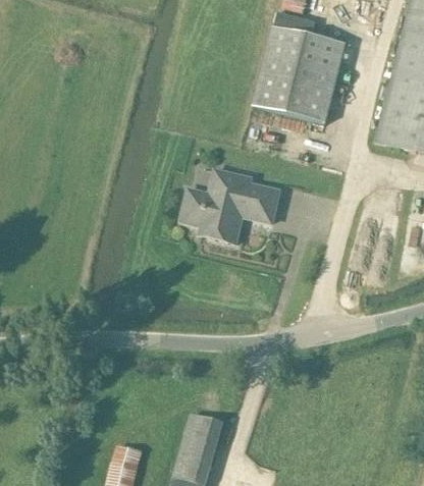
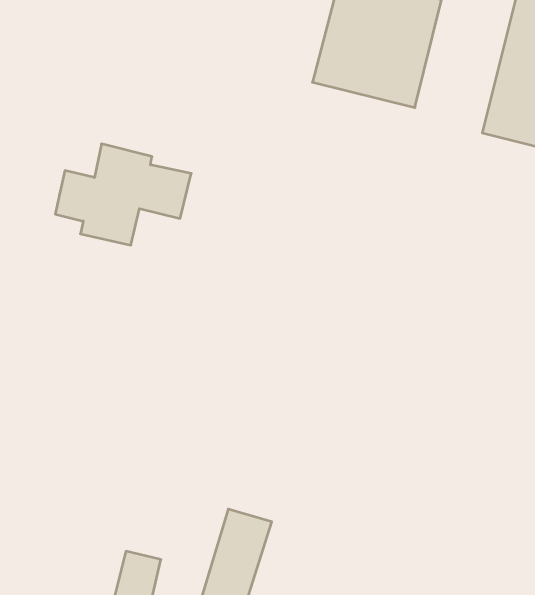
building: [180,169,279,242] -> [55,144,191,245]

